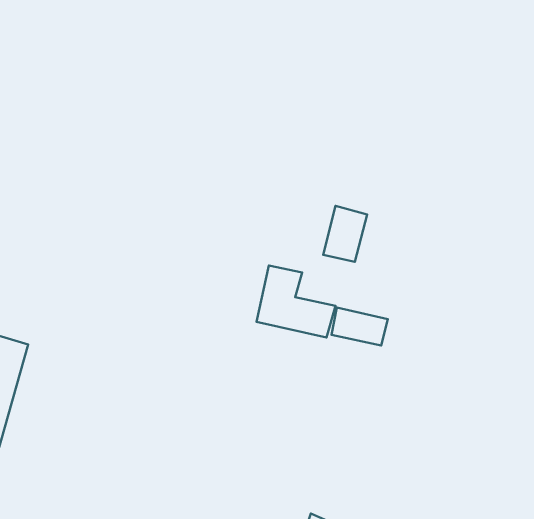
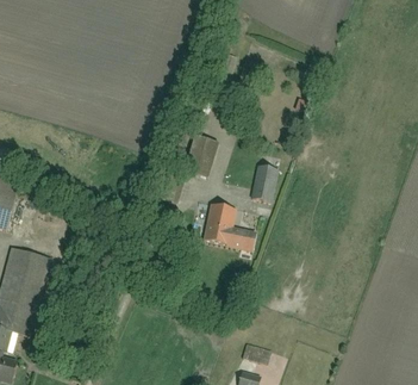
building: none -> [187,135,219,174]
building: [332,308,388,346] -> none

